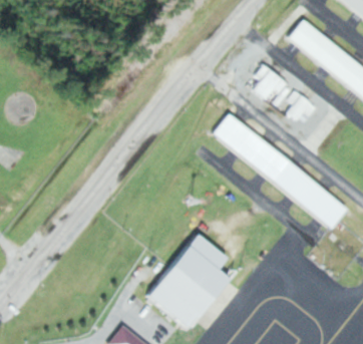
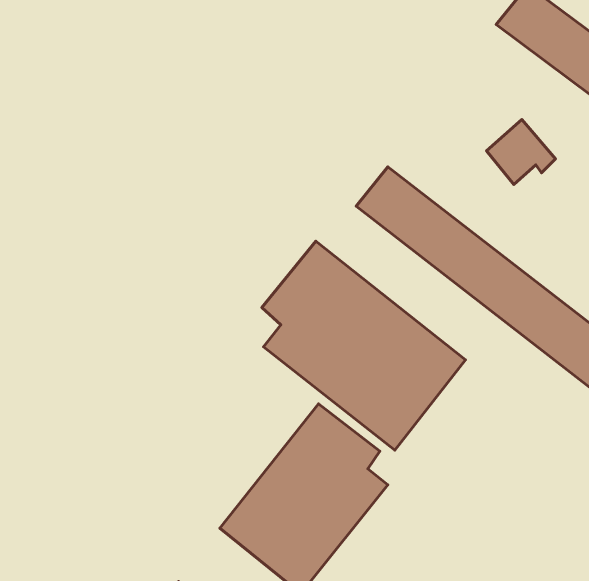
building: [255,63,293,107] -> none
building: none -> [262,241,465,450]

